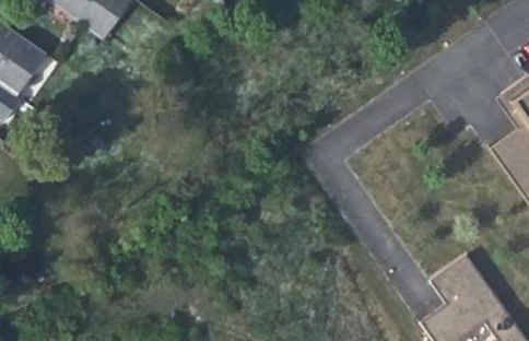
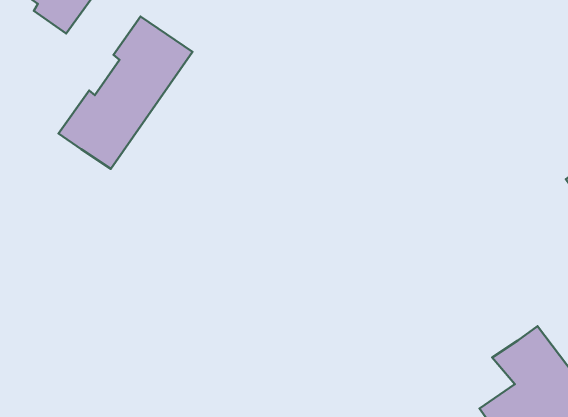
building: none -> [59,17,193,169]

